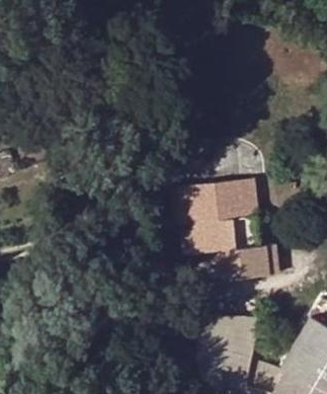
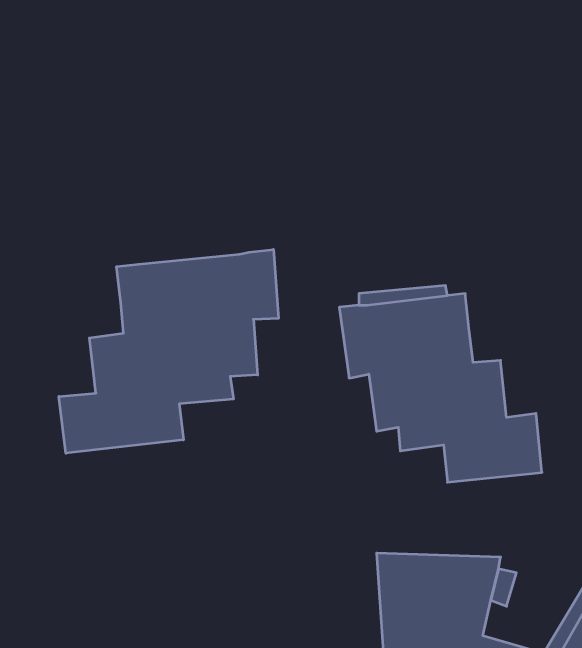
building: none -> [59,249,278,453]

